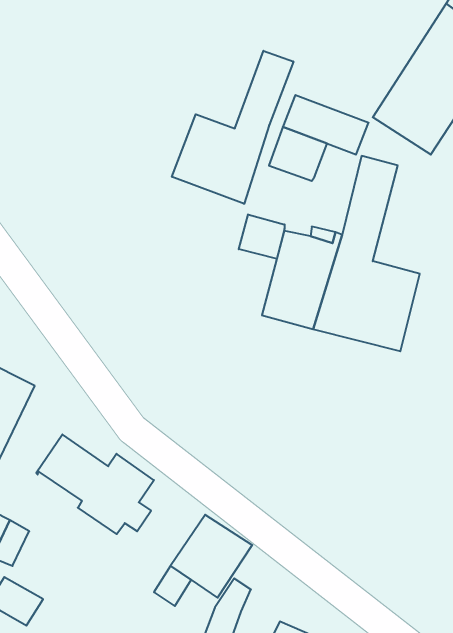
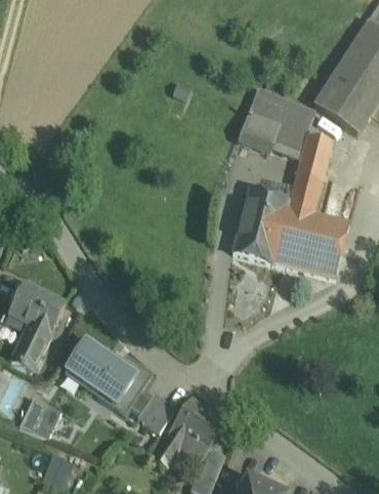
building: [172,51,293,204] -> none
building: none -> [271,124,302,157]
building: [239,214,285,259] -> none
building: none -> [137,392,176,431]

